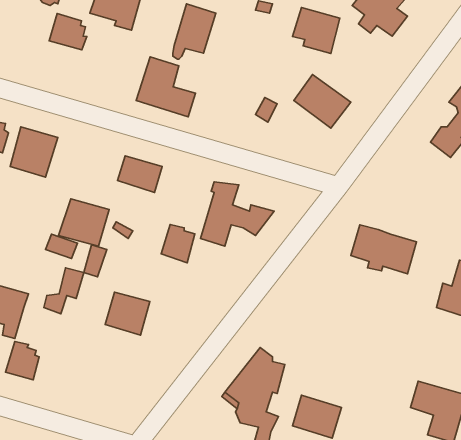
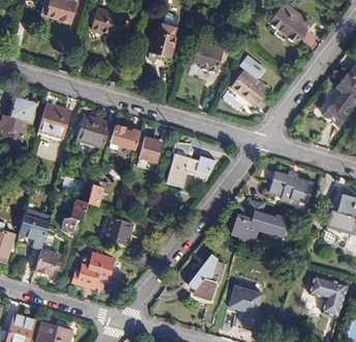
building: [292,7,340,53] -> [190,40,223,72]
building: [49,13,87,50] -> none
building: [136,57,195,117] -> none
building: [59,199,109,246] -> [77,115,111,147]
building: [161,225,195,263] -> [139,135,161,161]
building: none -> [231,198,284,245]
building: none -> [73,253,117,288]

